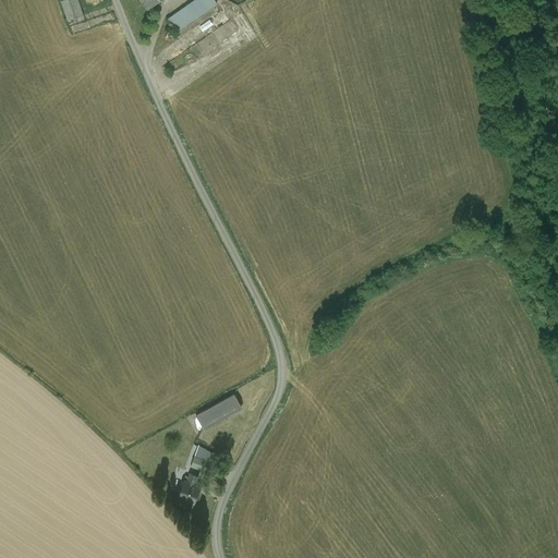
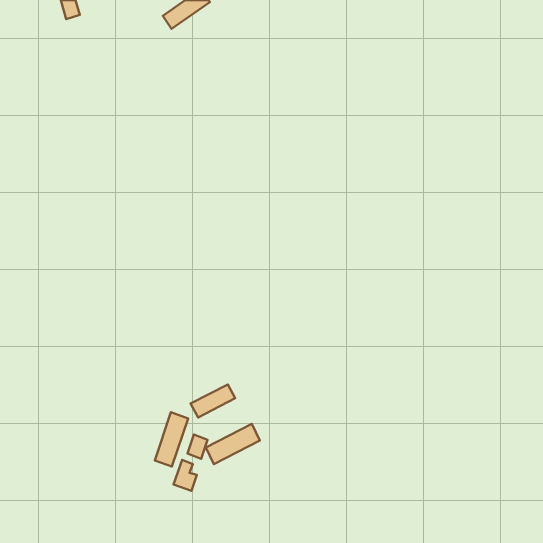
building: none -> [155,412,188,467]
building: none -> [206,424,260,464]

